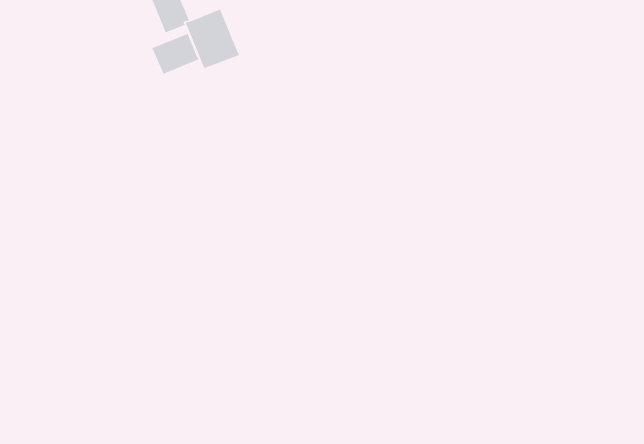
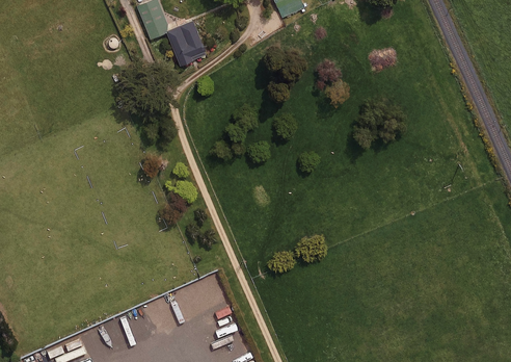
building: [151,33,200,75] -> none

